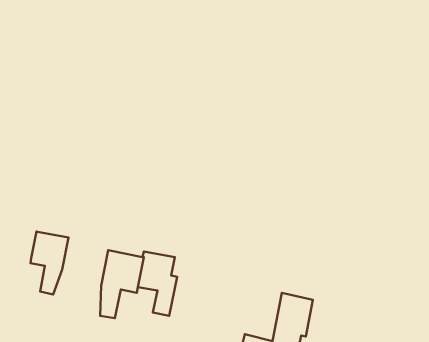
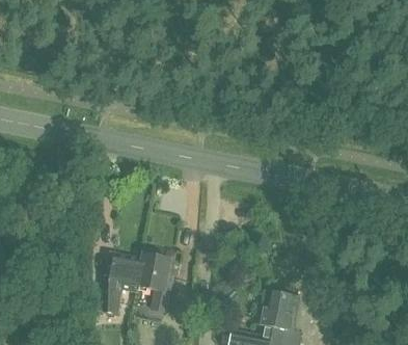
building: [30,231,68,295] -> none

